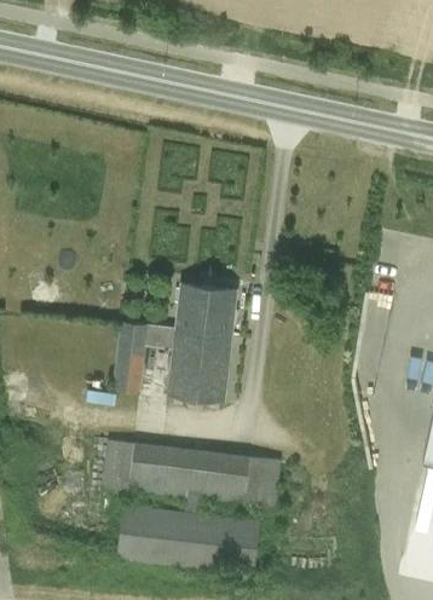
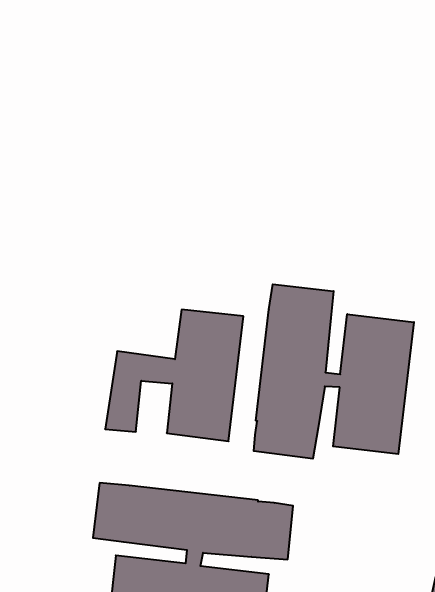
building: none -> [254,284,414,459]

